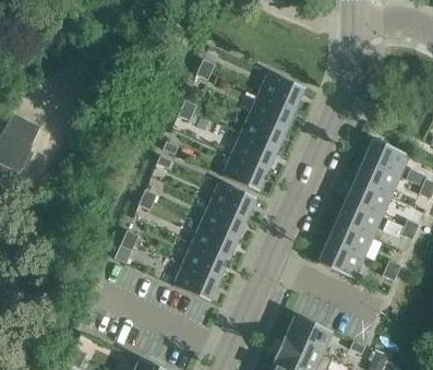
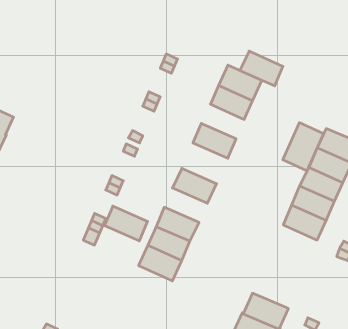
building: [240,112,286,150] -> [240,51,283,86]
building: none -> [283,123,323,171]
building: [221,154,268,191] -> none
building: [201,202,246,239] -> [105,206,148,241]
building: [317,241,363,278] -> none

